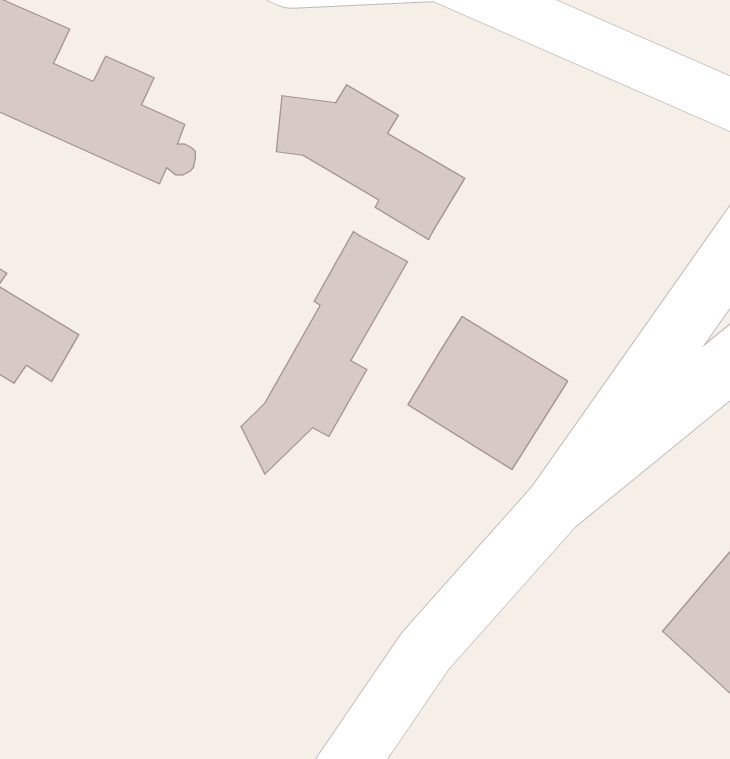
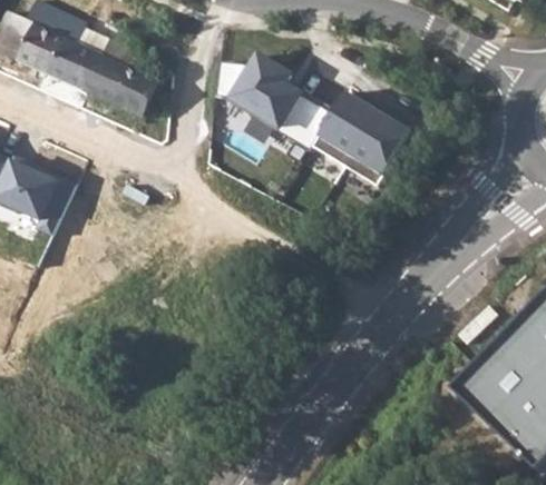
building: [241,231,408,474] -> none
building: [408,317,568,469] -> [315,91,415,186]

